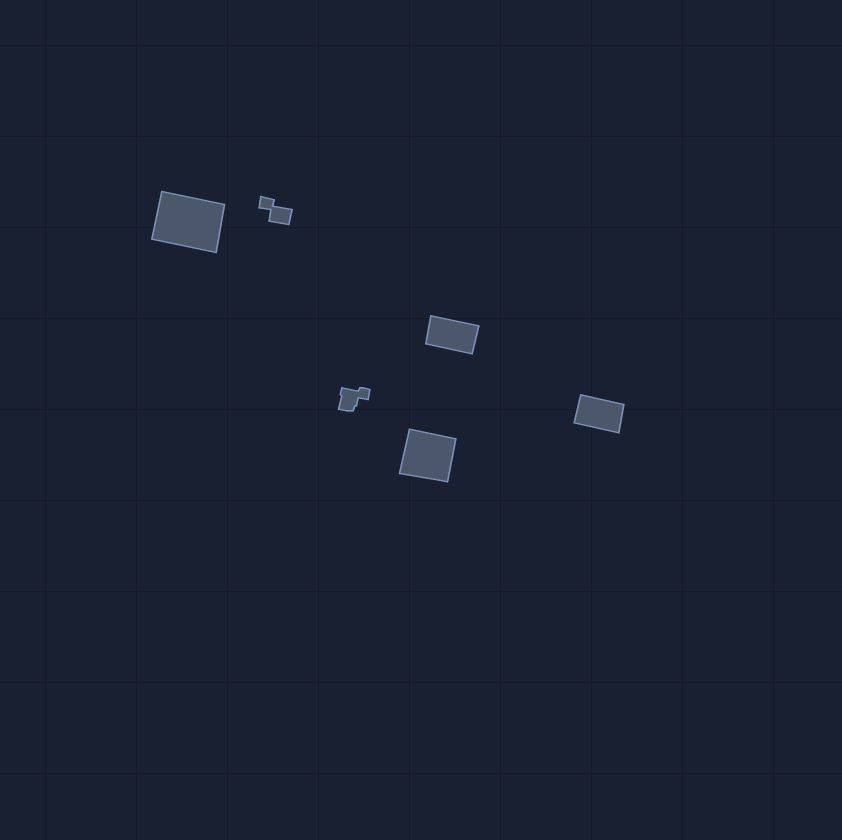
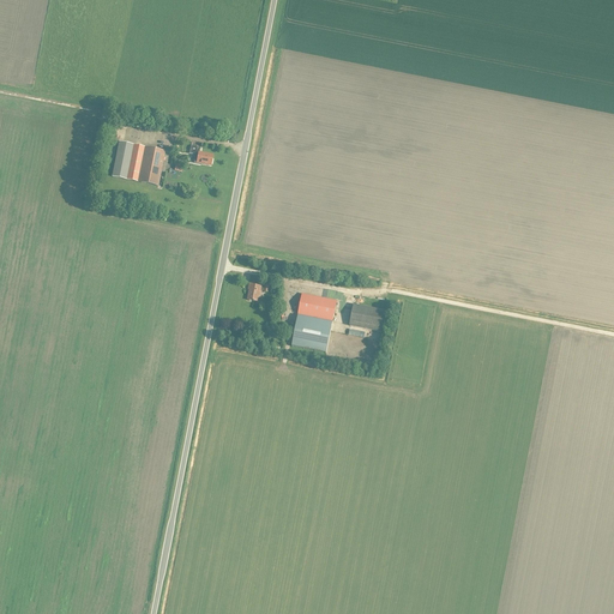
building: [426,316,479,354] -> [297,291,336,319]
building: [574,395,624,433] -> [349,302,385,330]

